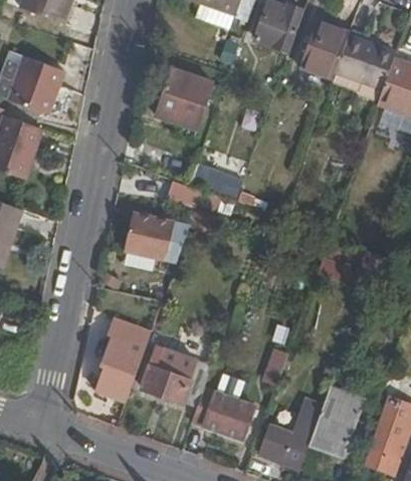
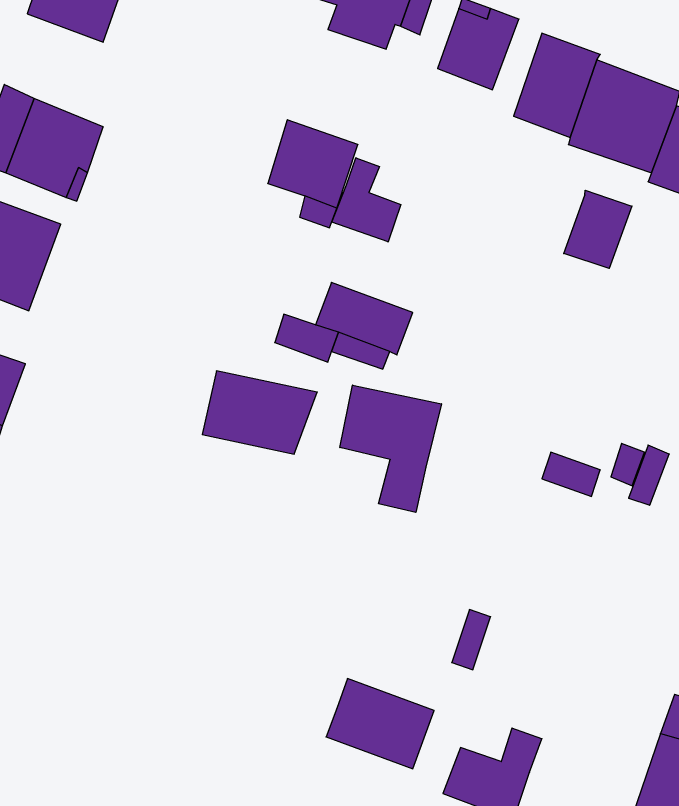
building: none -> [332,158,401,242]
building: none -> [564,190,632,268]
building: none -> [340,385,441,512]
building: [94,316,150,400] -> none
building: [142,344,212,404] -> none
building: [309,388,364,453] -> none

